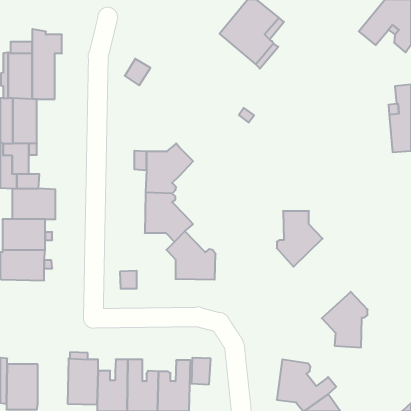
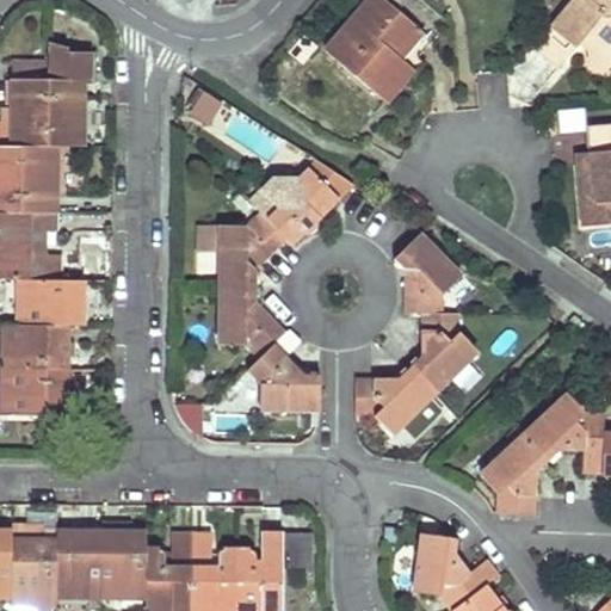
building: none -> [254,160,354,245]
building: none -> [394,232,463,313]
building: none -> [356,368,436,437]
building: none -> [520,390,604,475]
building: none -> [56,530,101,598]

